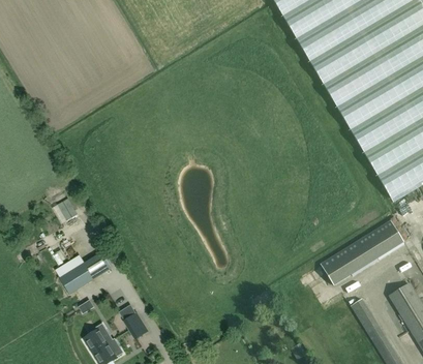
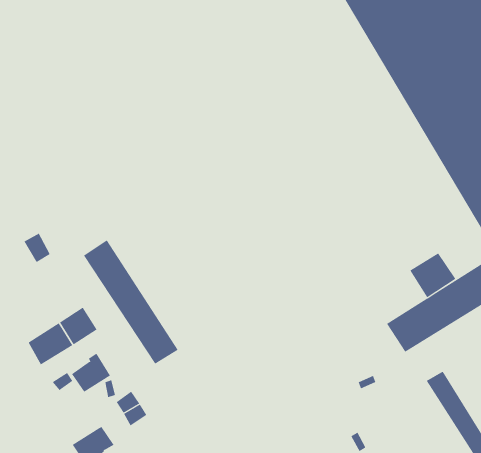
building: none -> [83,239,178,365]
building: none -> [410,253,456,298]
building: [83,323,112,352] -> [71,353,111,393]

